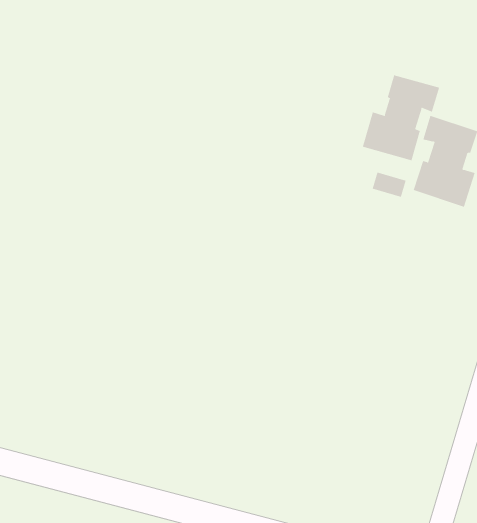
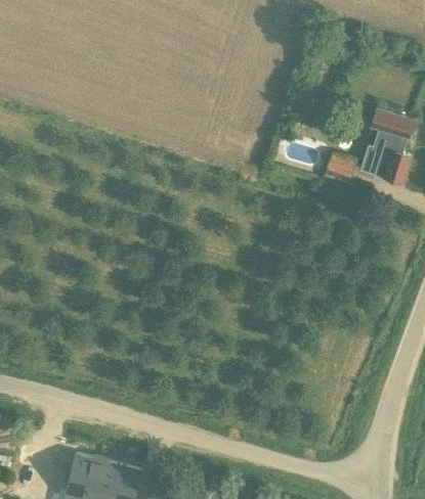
building: [362,74,440,161] -> none

